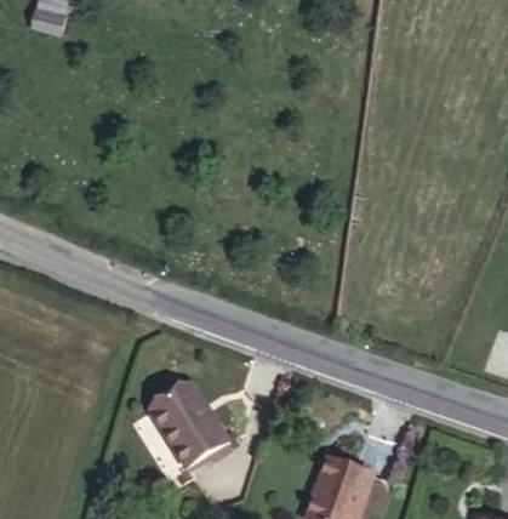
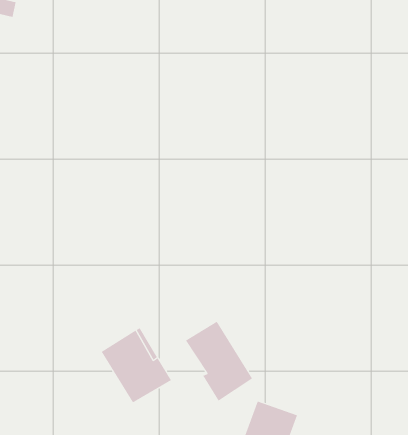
building: none -> [185,321,253,402]

